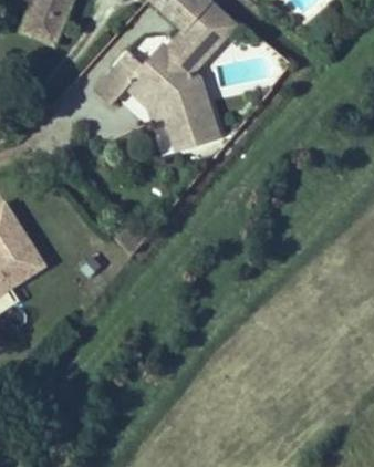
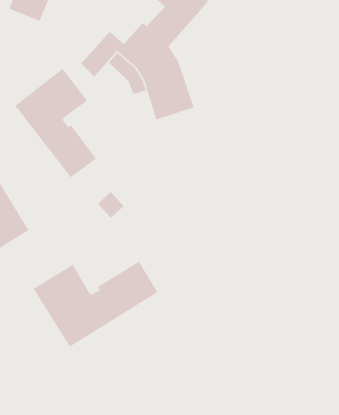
building: none -> [15,68,97,178]
building: none -> [33,261,158,348]

